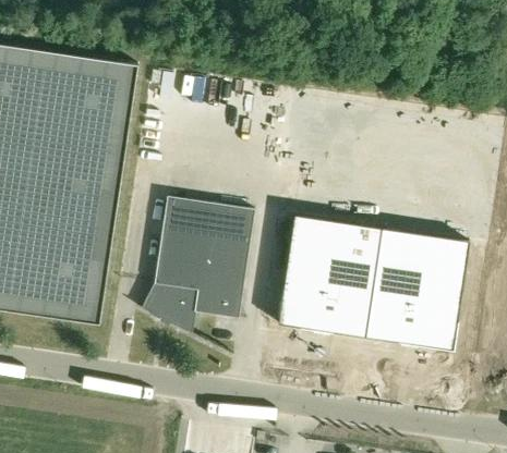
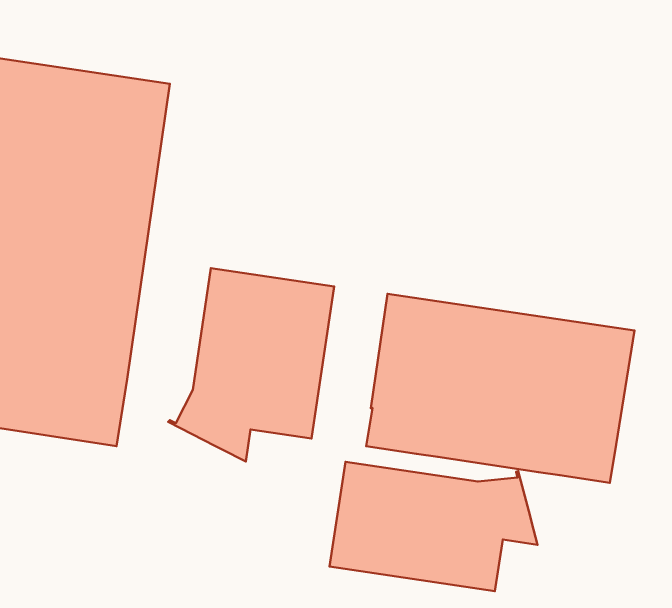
building: none -> [330,462,537,591]

